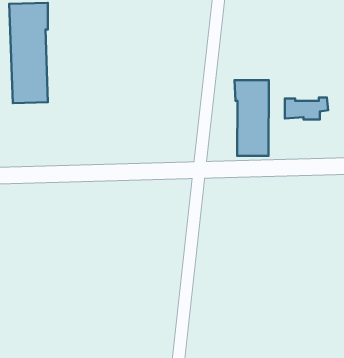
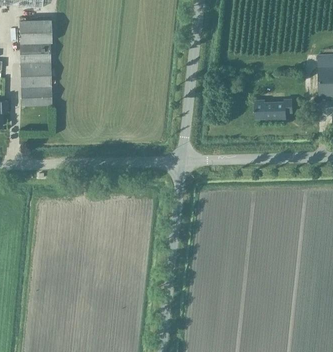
building: [235,80,269,156] -> none

